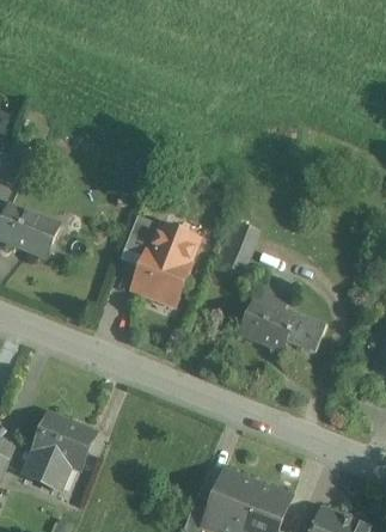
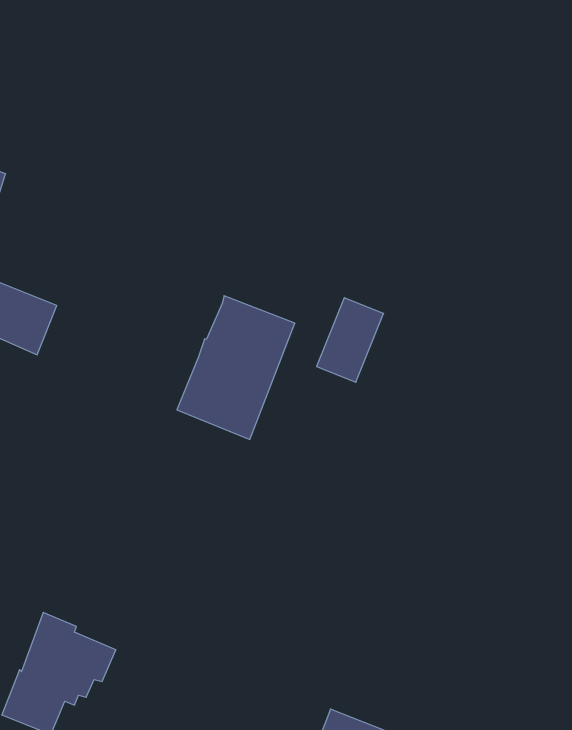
building: [124,215,159,256] -> none
building: [241,288,325,351] -> none

